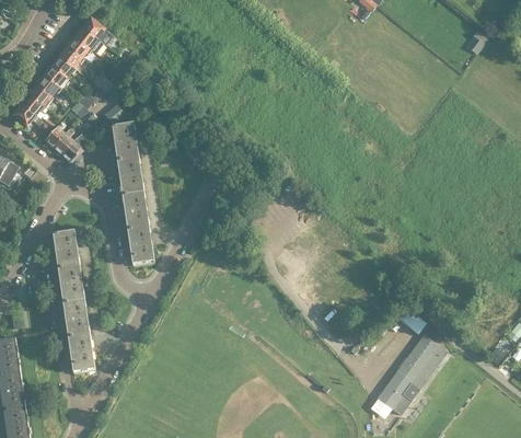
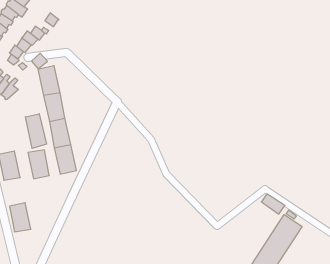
building: none -> [25,114,46,148]
building: [58,265,84,302] -> [28,150,49,179]
building: [68,334,95,371] -> none

